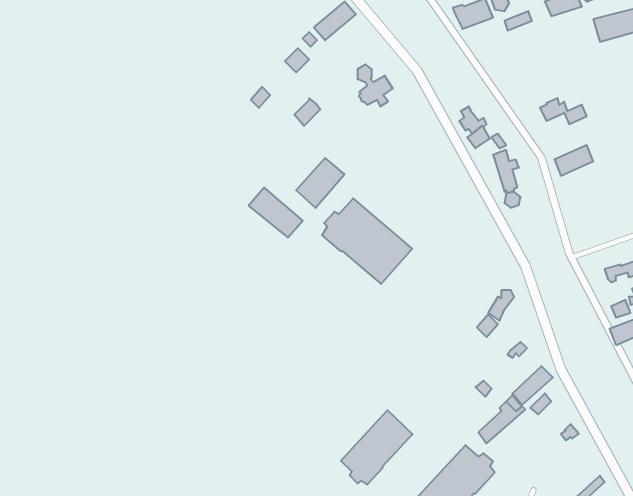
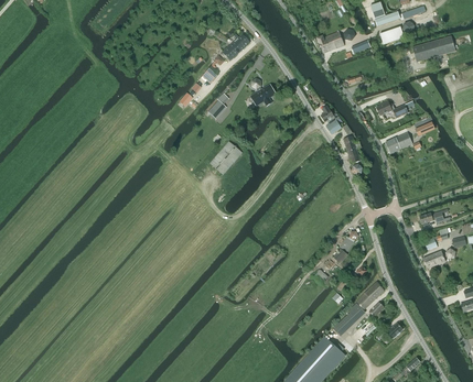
building: [249,188,303,237] -> none
building: [322,198,412,284] -> none
building: [341,410,413,485] -> none

